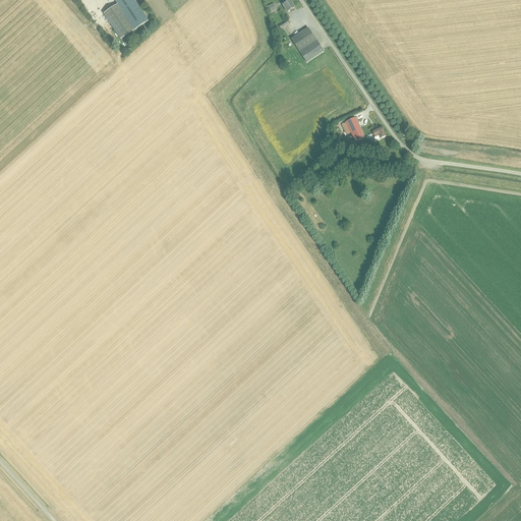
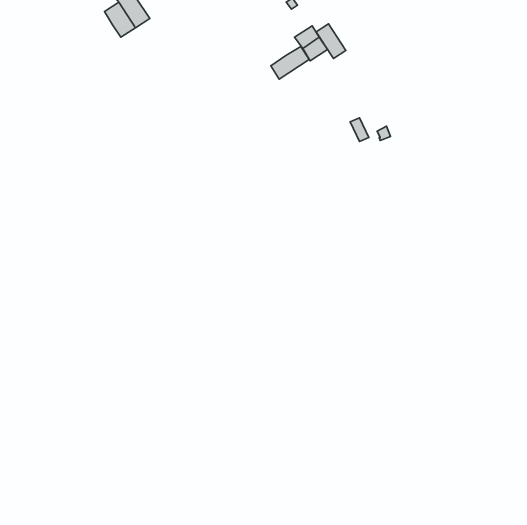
building: none -> [316,24,346,58]
building: none -> [271,46,309,79]

